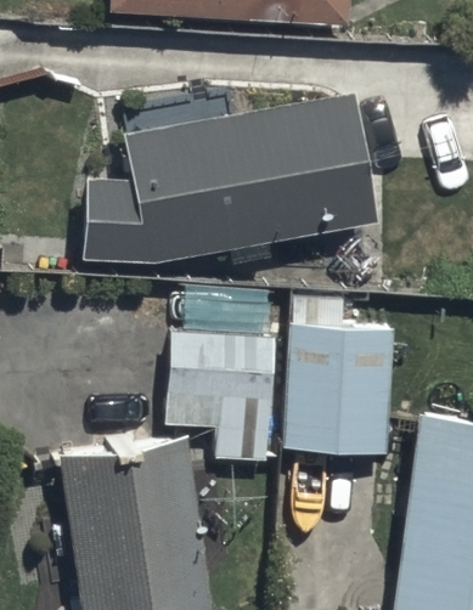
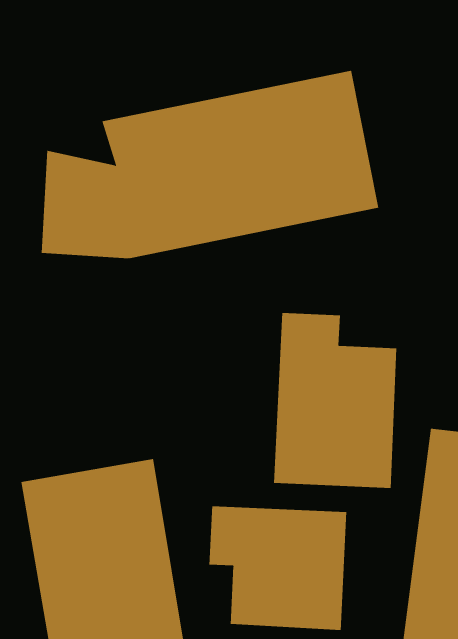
building: [164,298,272,474] -> none
building: none -> [209,505,347,631]

